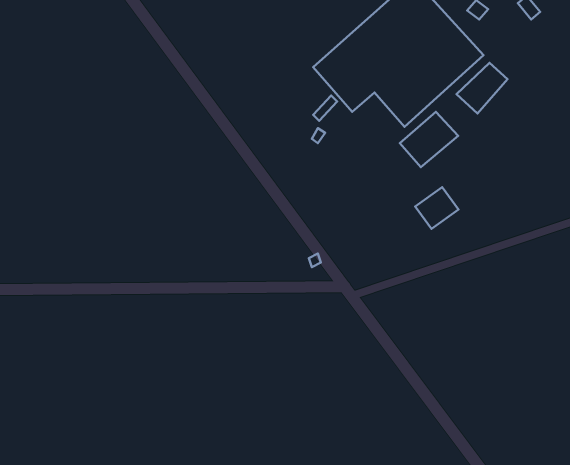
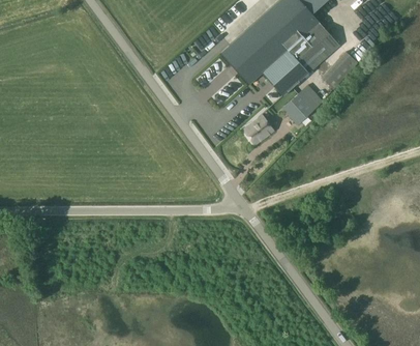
building: [415,187,458,229] -> [244,115,274,144]

